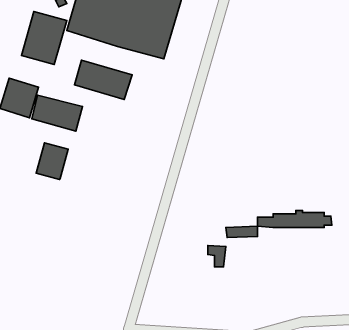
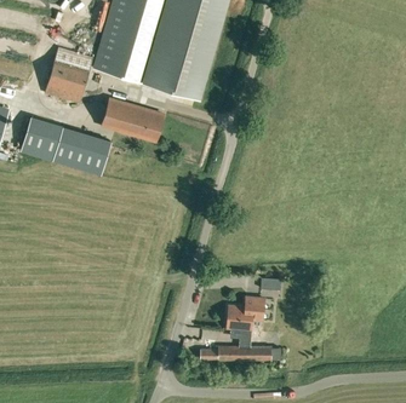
building: [36,143,68,180] -> none
building: [257,210,332,227] -> [200,341,280,359]
building: none -> [225,305,252,330]

